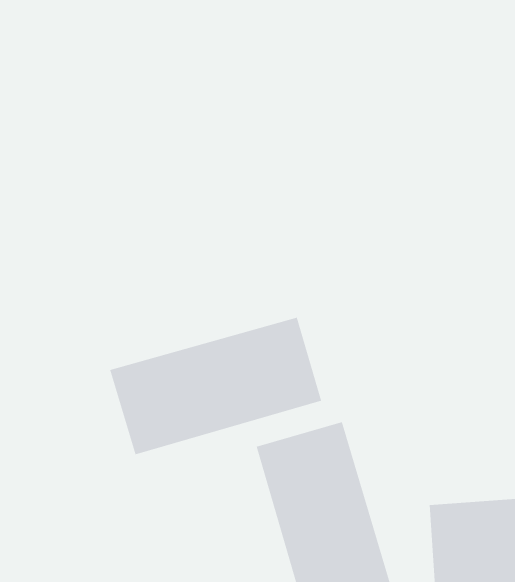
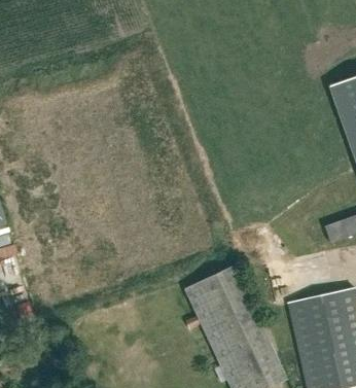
building: [109,317,322,455] -> none

